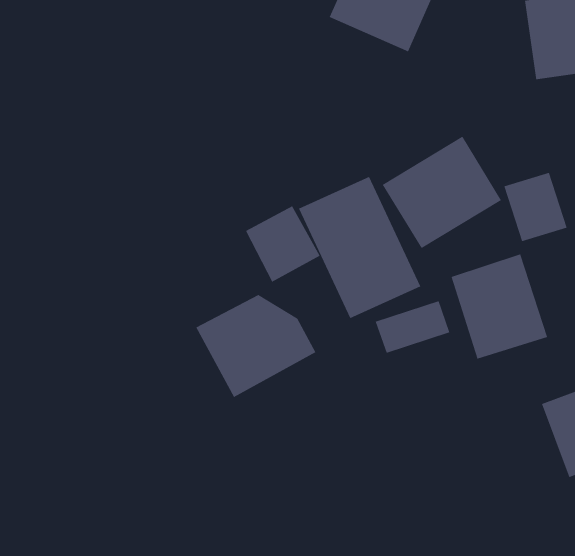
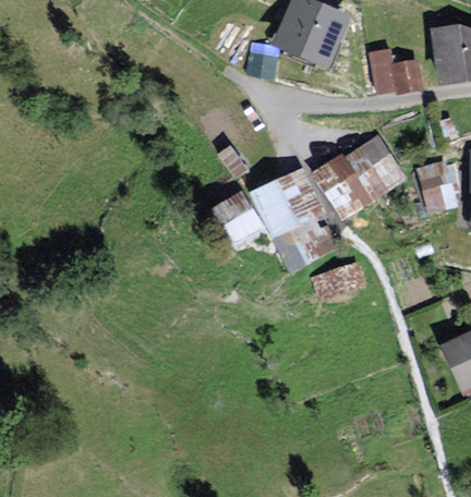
building: none -> [370,47,426,94]
building: [451,254,548,359] -> none
building: [195,294,316,398] -> none

